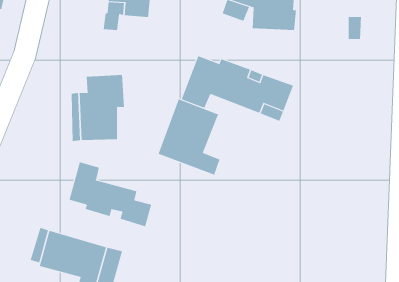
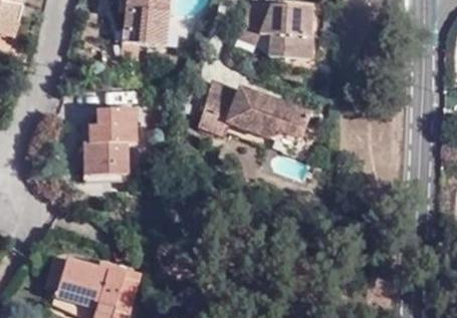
building: [158,99,220,176] -> none
building: [69,162,152,227] -> none

